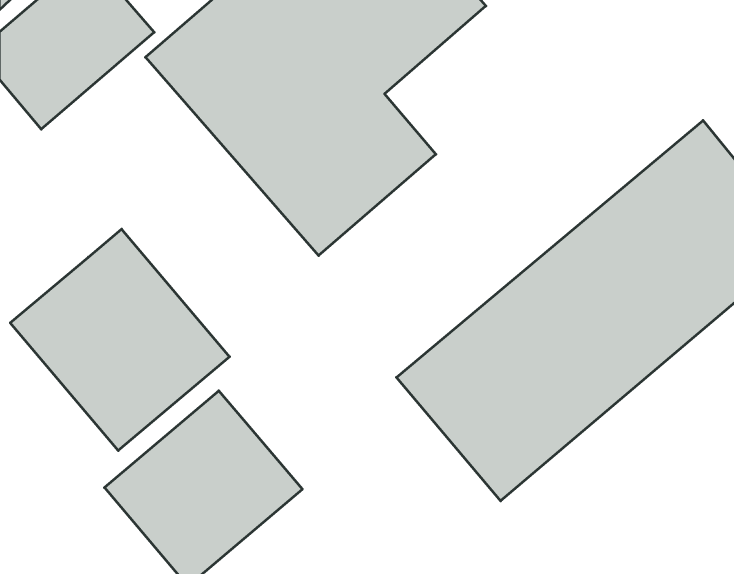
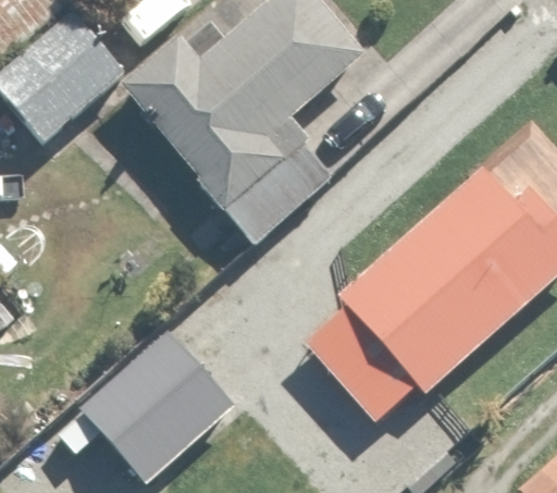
building: [10,229,230,451] -> none

